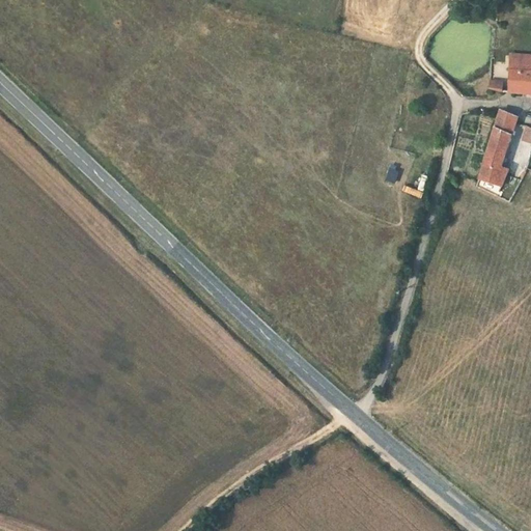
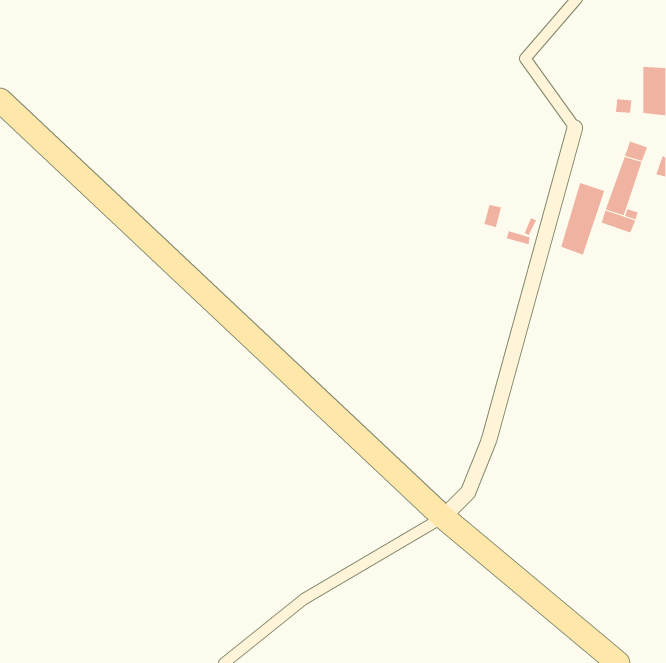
building: none -> [560,182,605,256]

